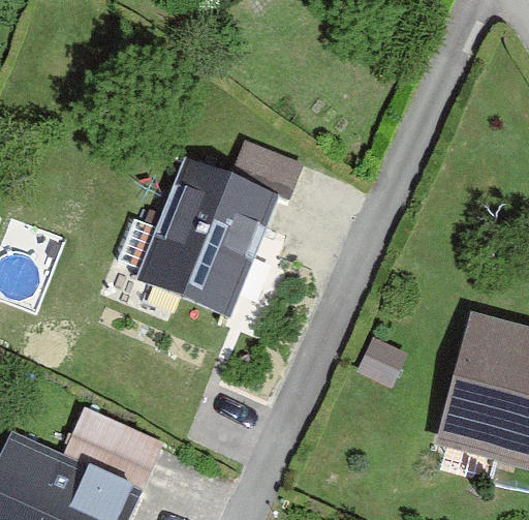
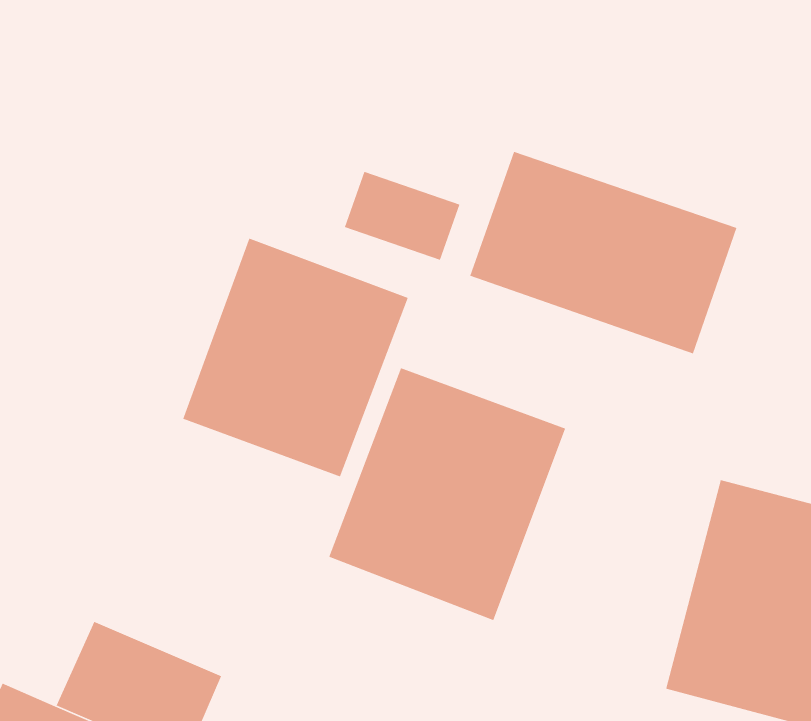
building: none -> [469,151,737,355]
building: none -> [328,367,566,621]

